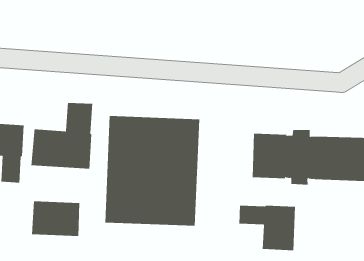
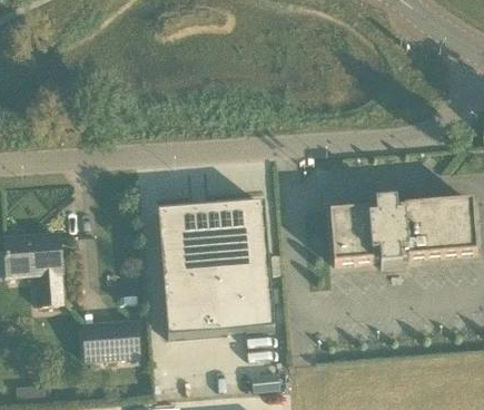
building: [31,102,93,169] -> none
building: [239,205,295,251] -> none

